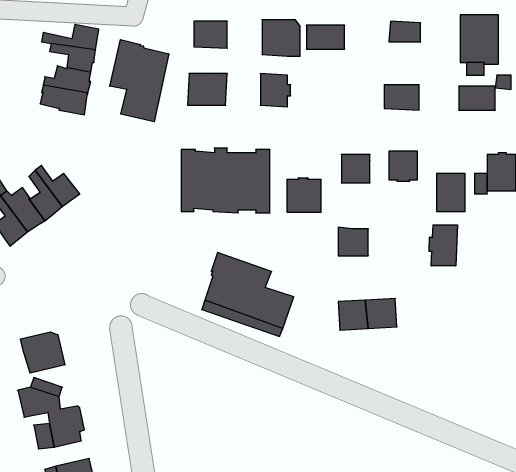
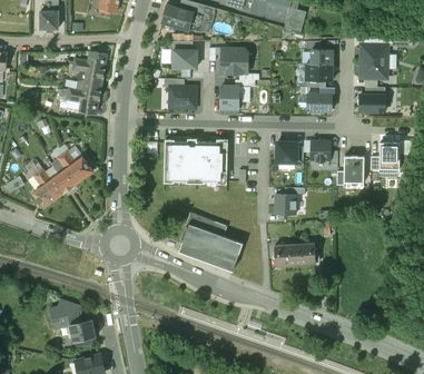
building: [306,25,345,49] -> [305,63,332,80]
building: [110,40,169,122] -> none
building: [287,178,321,212] -> none
building: [429,225,457,266] -> none
building: [20,332,65,373] -> none

